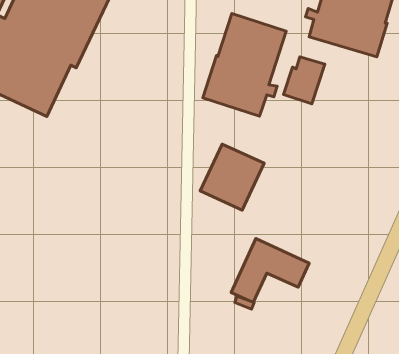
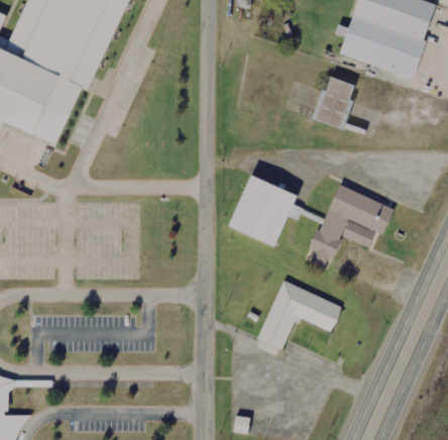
building: [203,13,286,116] -> none
building: none -> [306,187,391,270]

